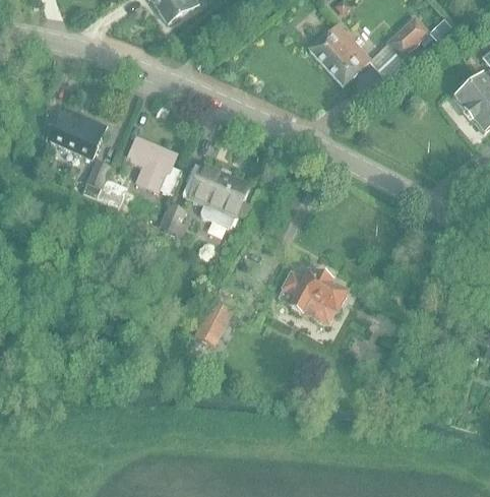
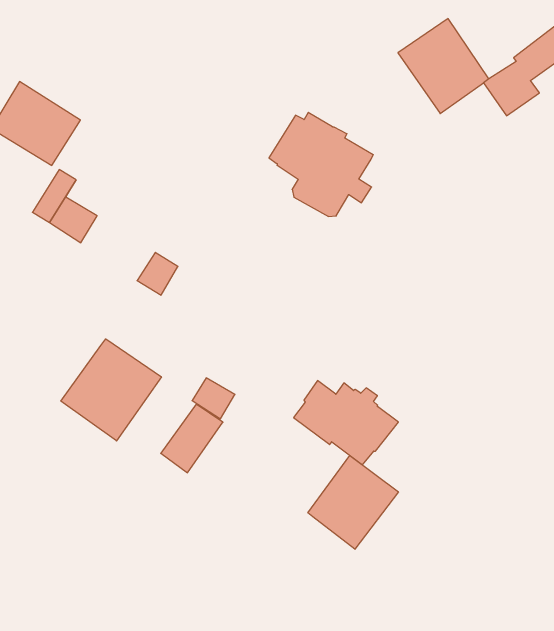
building: [128,137,182,195] -> none
building: [181,162,251,228] -> [269,112,373,216]
building: none -> [61,339,161,441]
building: none -> [308,456,398,549]

